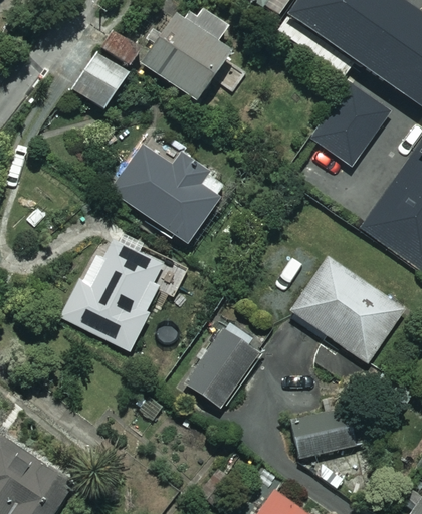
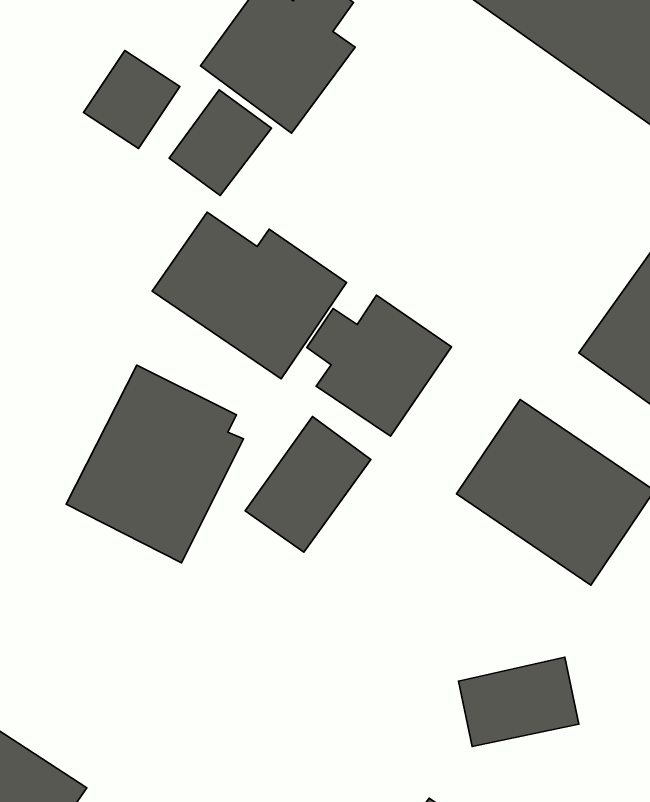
building: none -> [169,90,272,196]
building: [309,82,389,168] -> none
building: none -> [307,295,451,436]
building: [186,329,259,409] -> [245,416,371,552]

